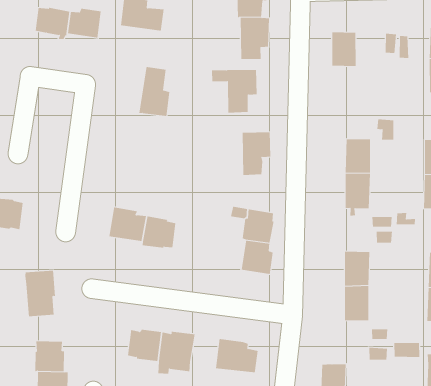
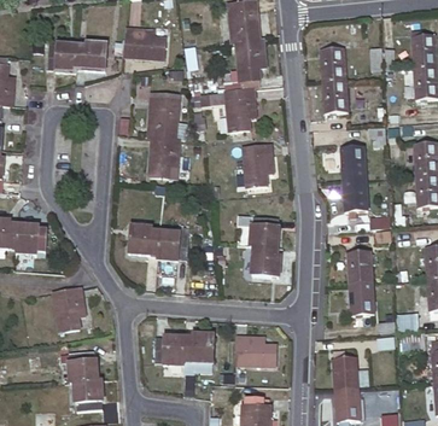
building: none -> [322,78,346,111]
building: none -> [148,136,179,176]

